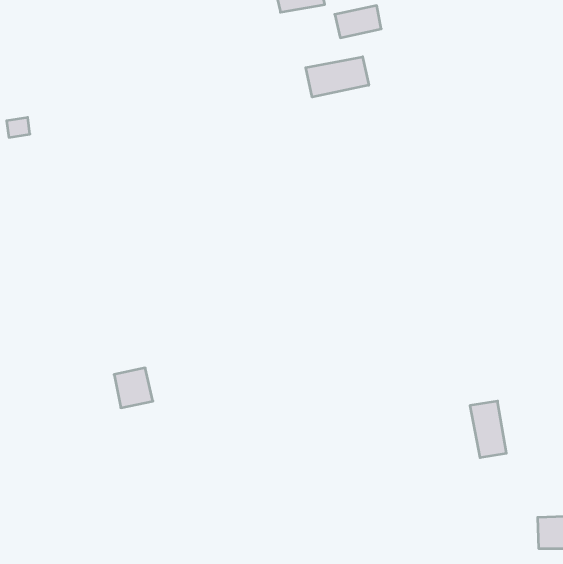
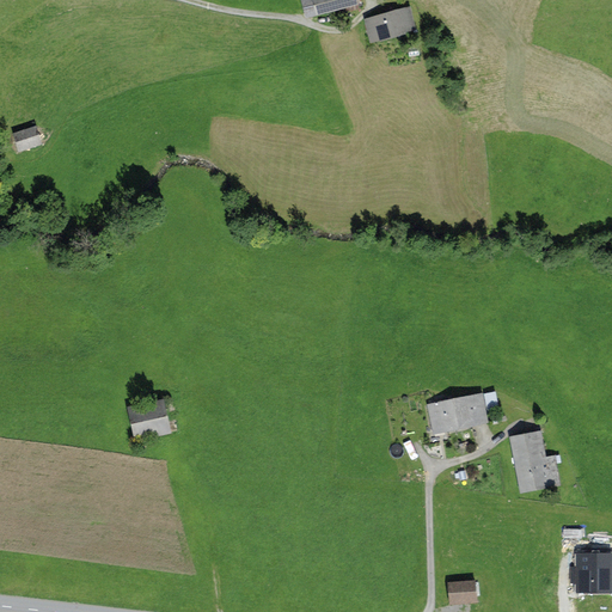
building: [306,57,369,97] -> none
building: none -> [428,393,486,430]
building: none -> [447,580,477,602]

